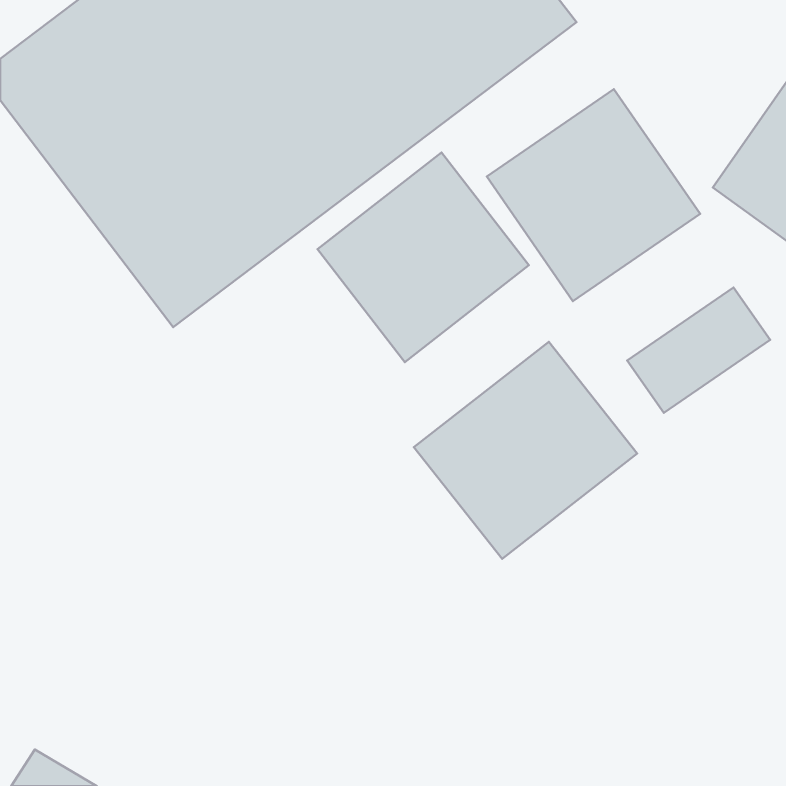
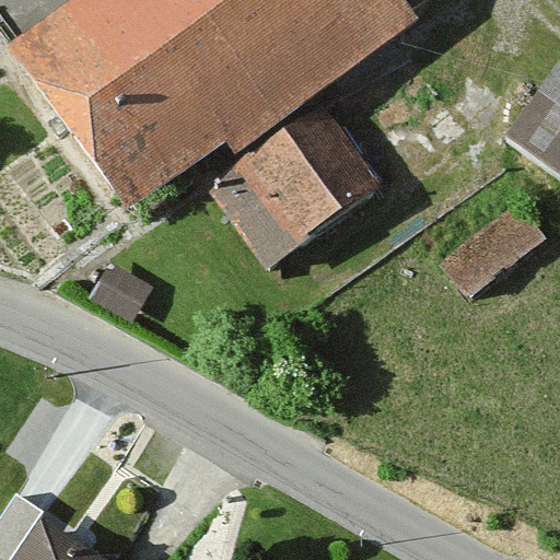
building: [487,89,700,301] -> none
building: [414,342,637,559] -> none

